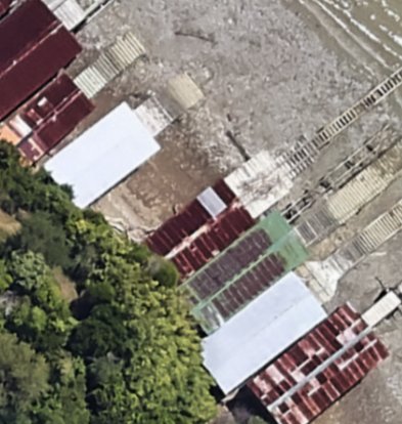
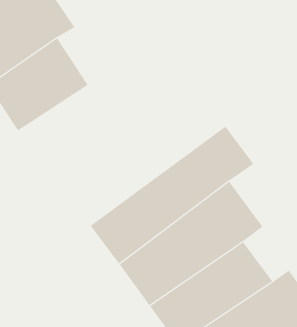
building: [53,101,169,211] -> none

